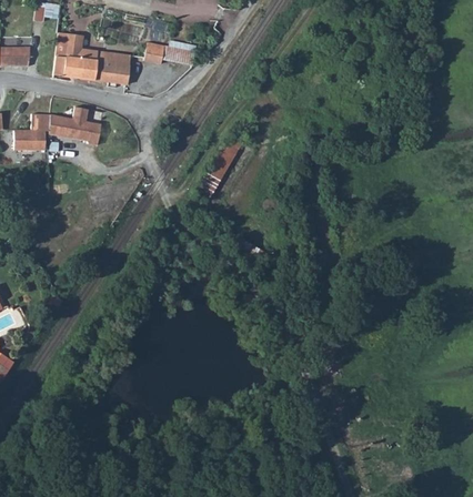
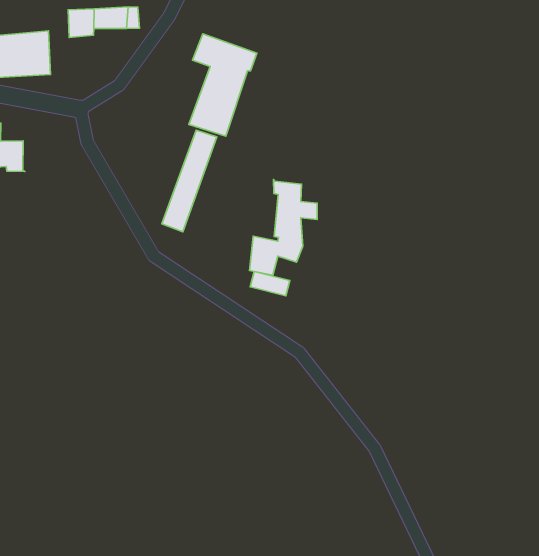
building: none -> [189,34,257,136]
building: none -> [249,180,317,275]

